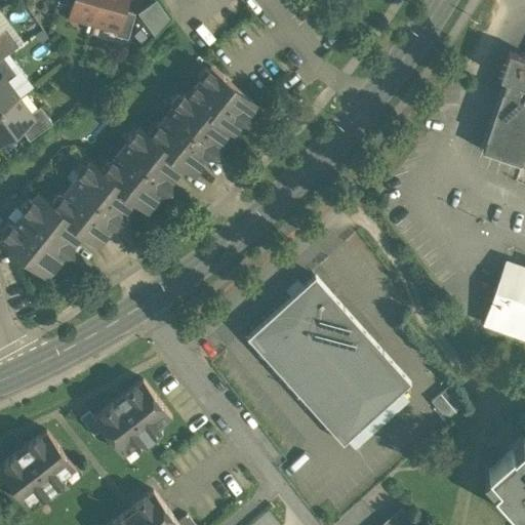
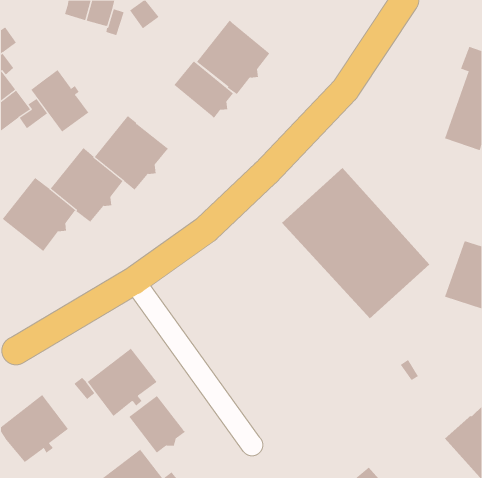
building: none -> [31,69,89,132]
building: [149,93,230,175] -> [196,20,270,95]
building: [248,280,410,445] -> [281,167,430,319]
building: none -> [129,395,186,453]

